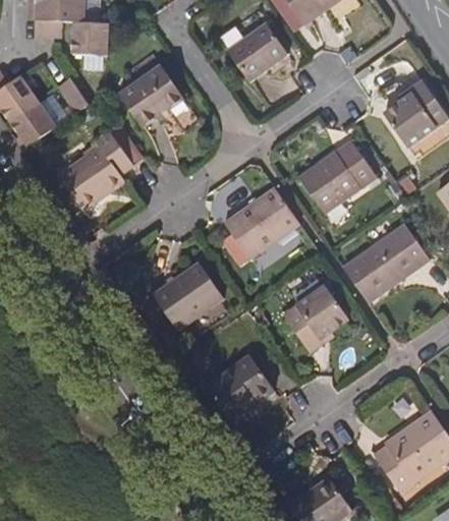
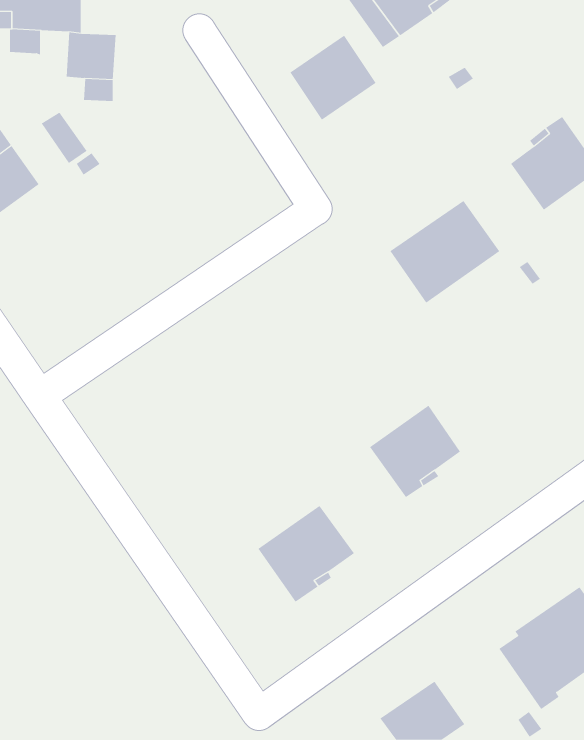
building: [122,65,186,126] -> none
building: [62,131,133,209] -> none
building: [225,186,300,257] -> none
building: [342,222,428,300] -> none
building: [154,264,223,330] -> none

